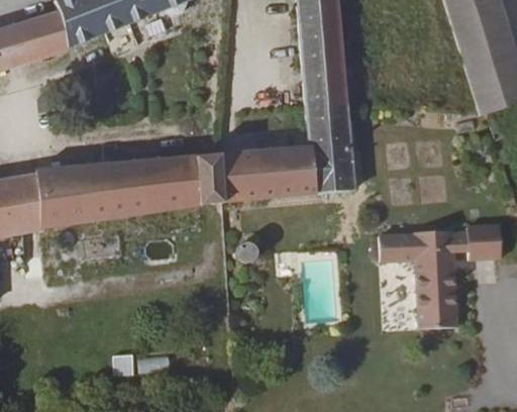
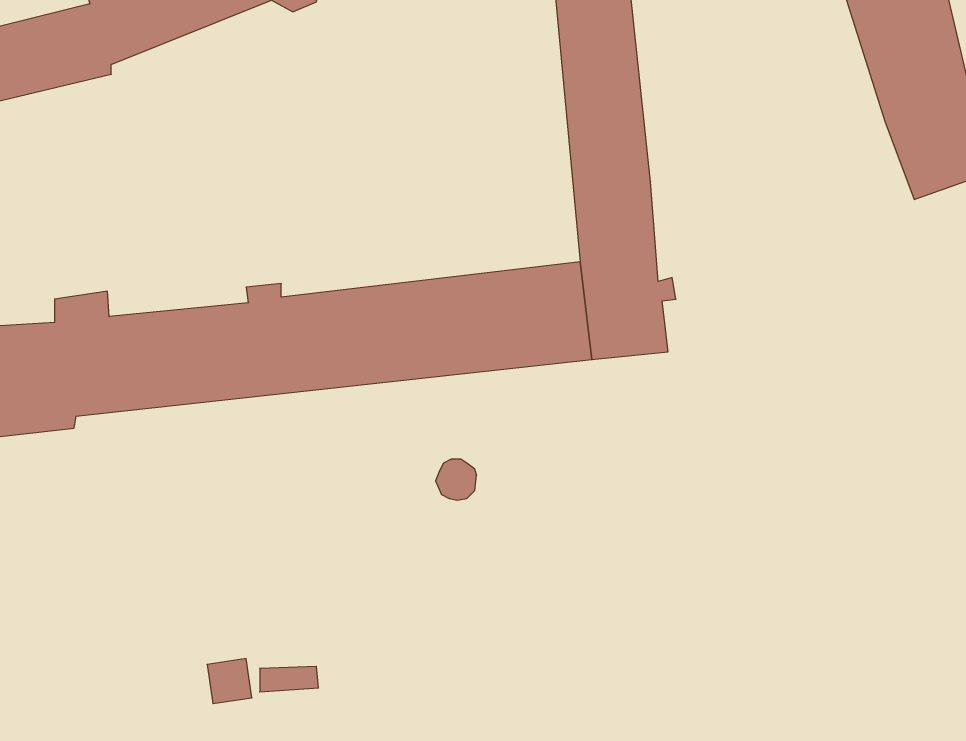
building: [384,224,505,326] -> none

